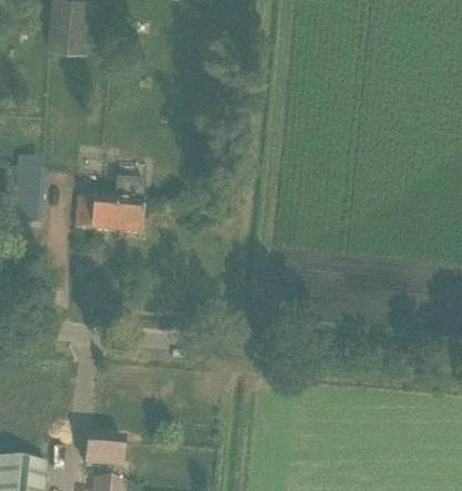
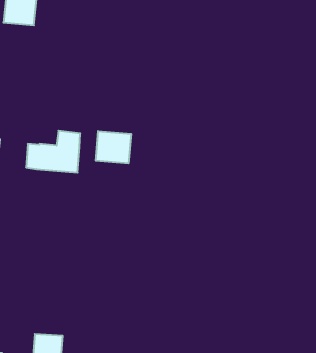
building: none -> [96,131,131,163]

